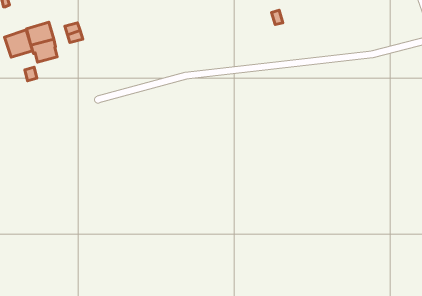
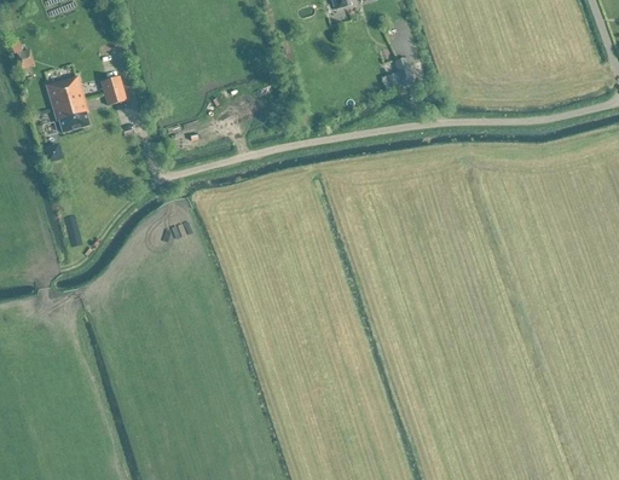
building: [5,30,33,57] -> none

